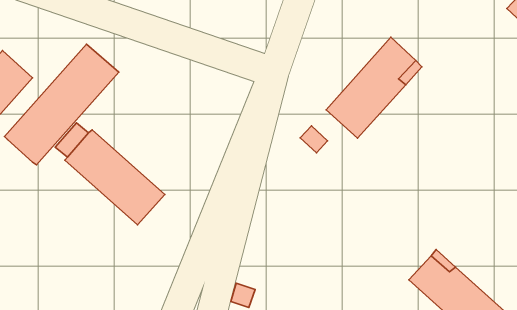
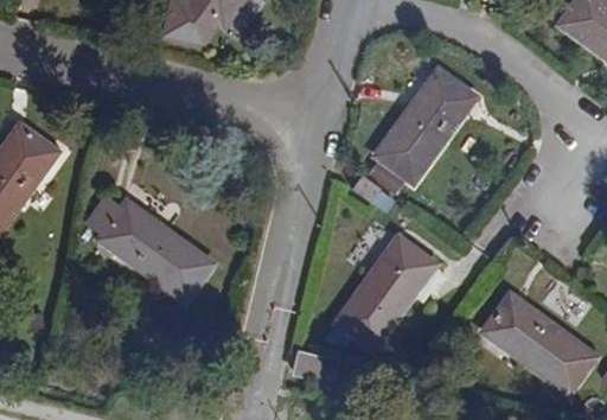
building: [4,44,119,165] -> none
building: none -> [336,238,437,348]

